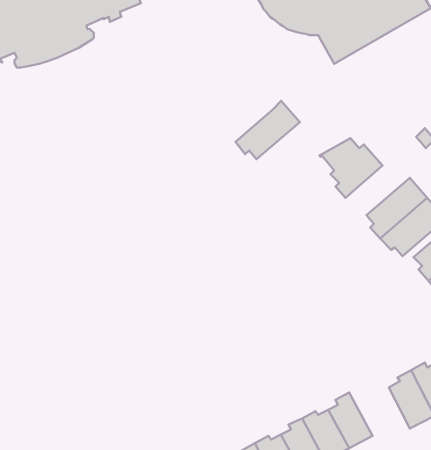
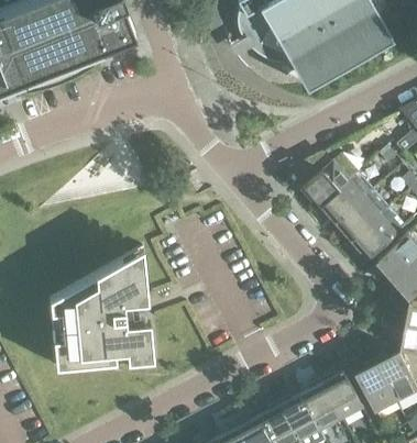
building: [235,101,300,159] -> [318,171,375,223]
building: none -> [52,247,155,367]
building: none -> [321,373,364,419]

